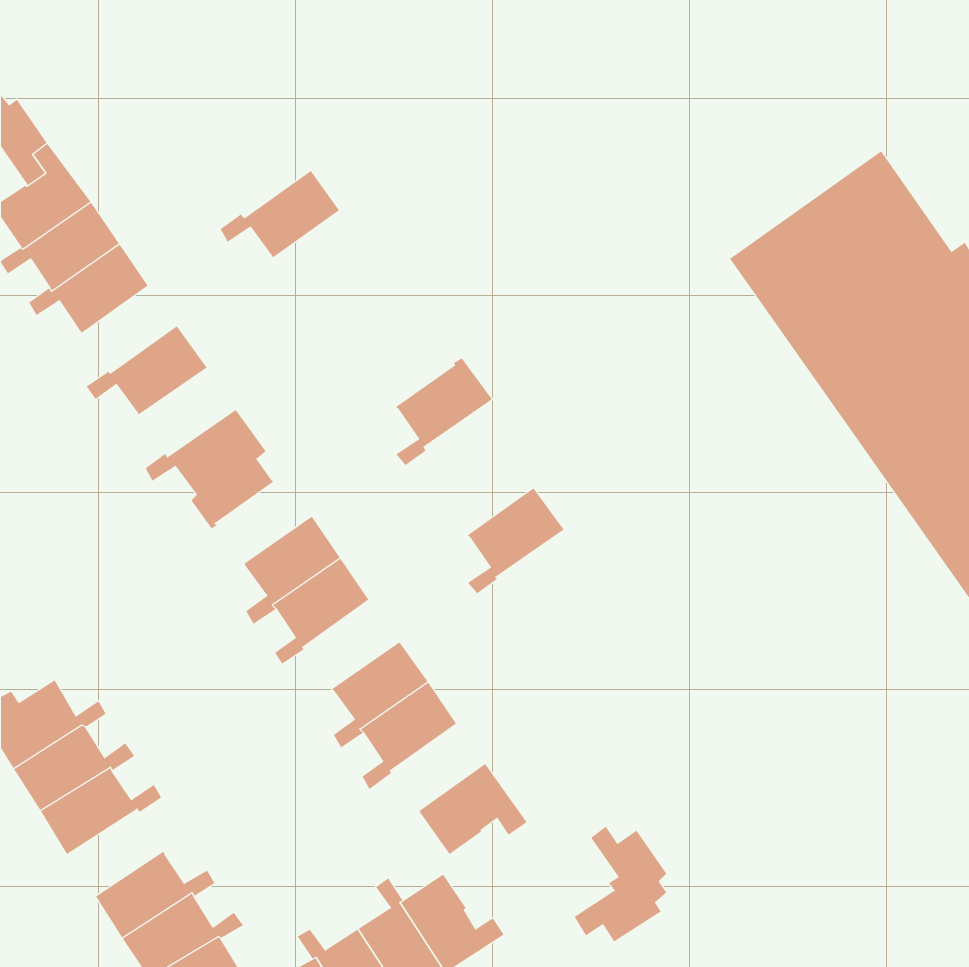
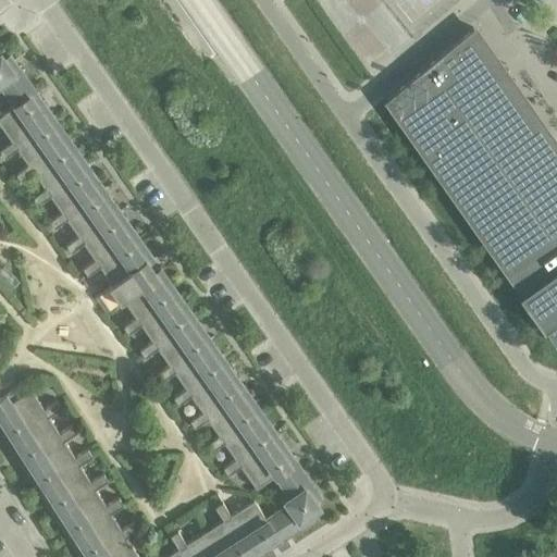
building: none -> [386,30,506,151]
building: [220,170,340,258] -> [35,166,103,216]
building: [396,357,493,466] -> [125,274,181,336]
building: none -> [69,213,137,264]
building: [467,488,564,594] -> [175,346,231,407]
building: none -> [225,417,280,478]
building: none -> [40,466,110,516]
building: [574,826,667,942] -> [268,471,321,537]

